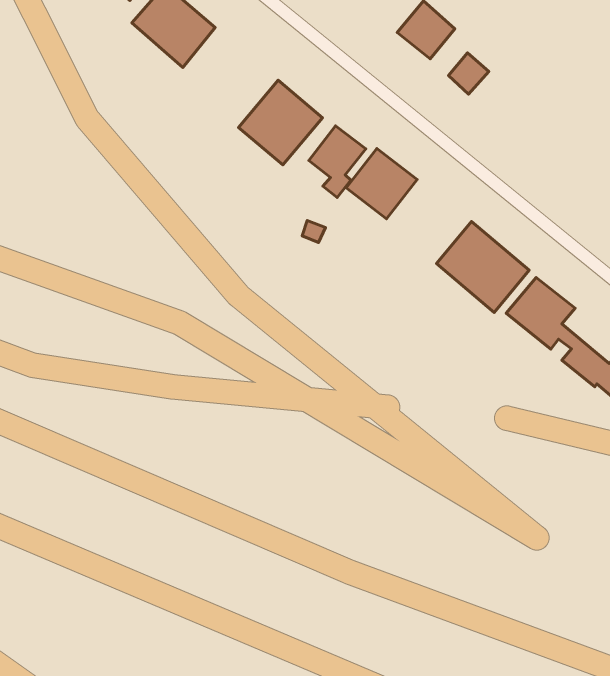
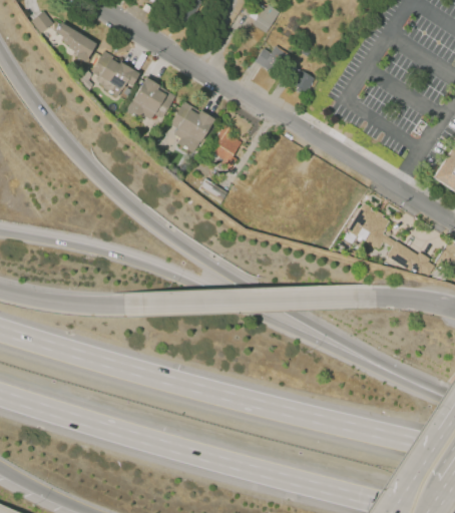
building: none -> [125,78,176,129]
building: [346,149,417,219] -> none
building: [436,221,529,312] -> none

